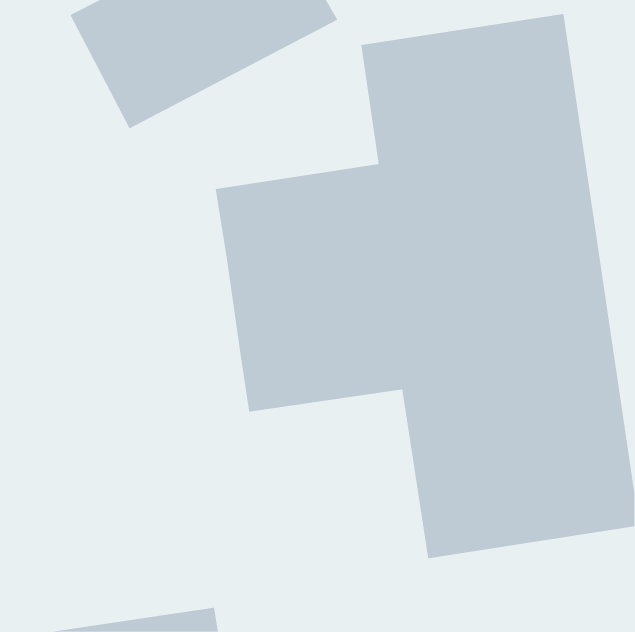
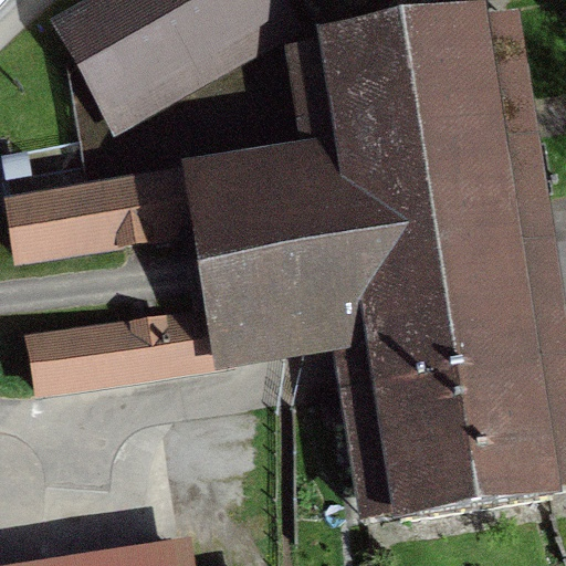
building: none -> [13,168,201,258]
building: none -> [33,316,221,395]

